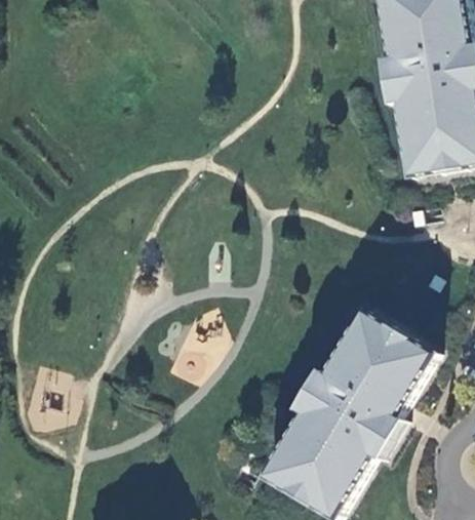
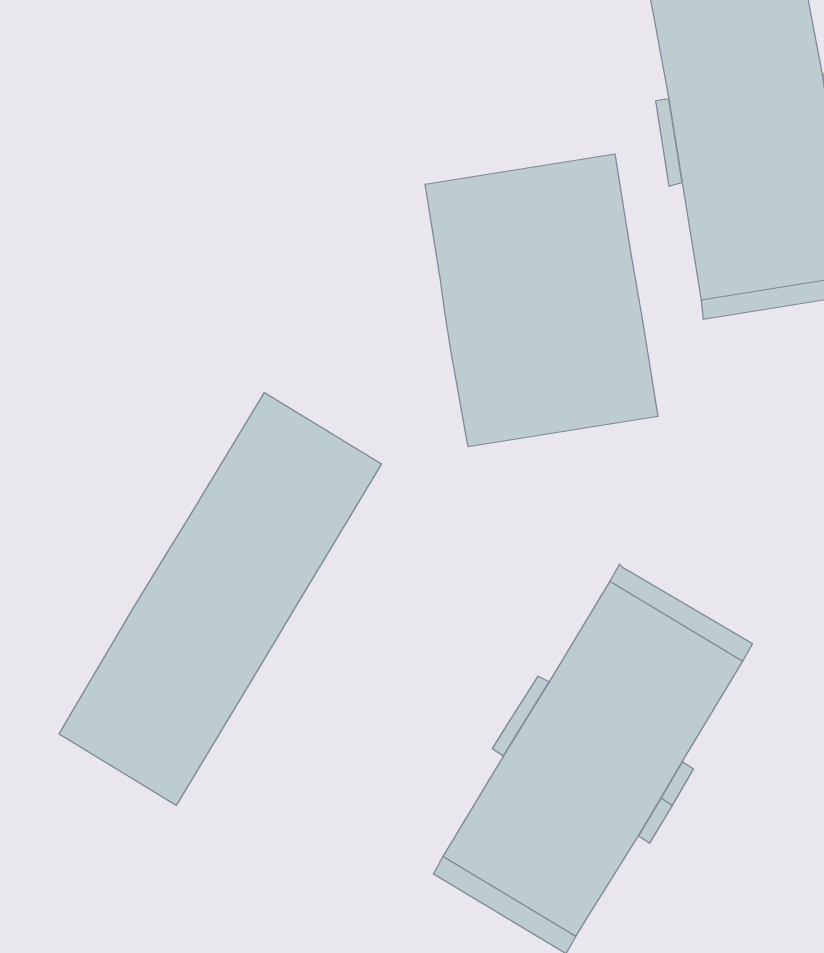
building: none -> [425,154,658,447]
building: none -> [59,393,382,805]

